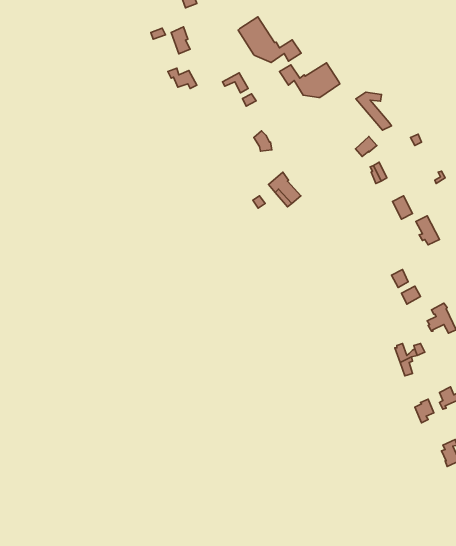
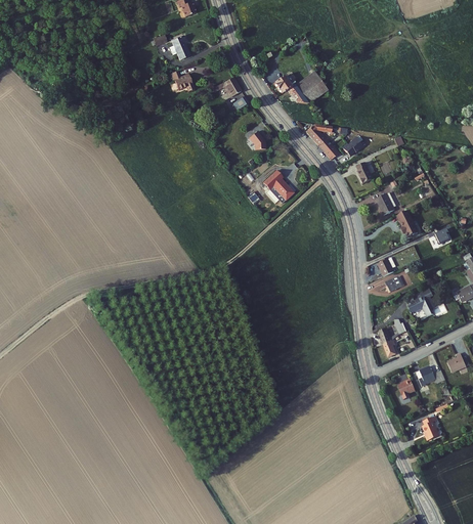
building: [238,17,301,63] -> none
building: [356,92,392,130] -> [305,125,338,160]

